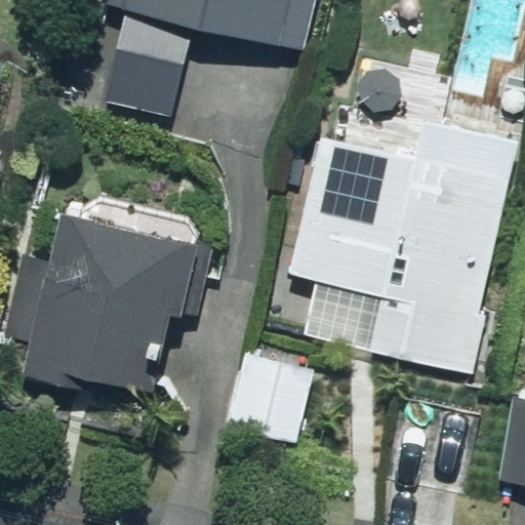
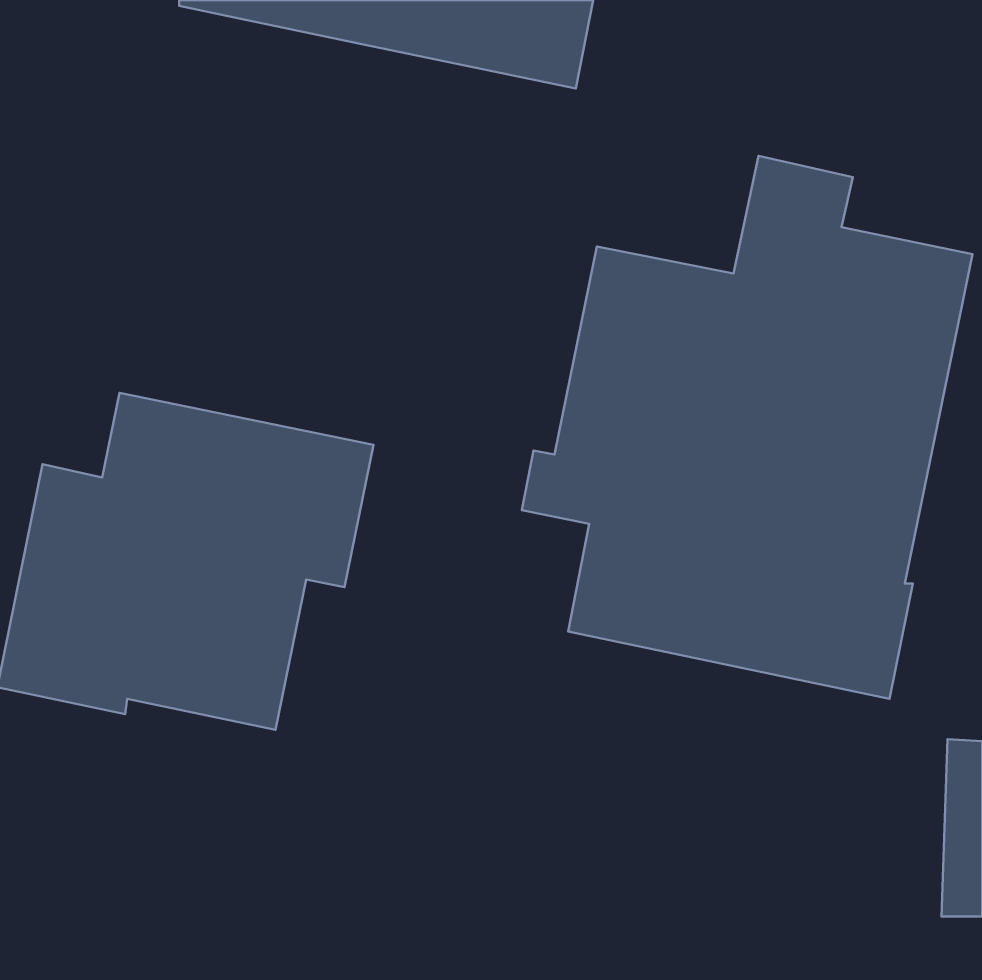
building: [104,11,193,119] -> none
building: [228,350,315,441] -> none

